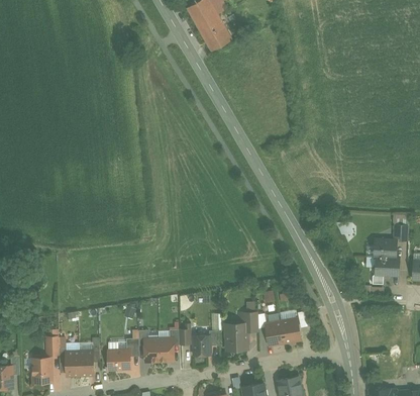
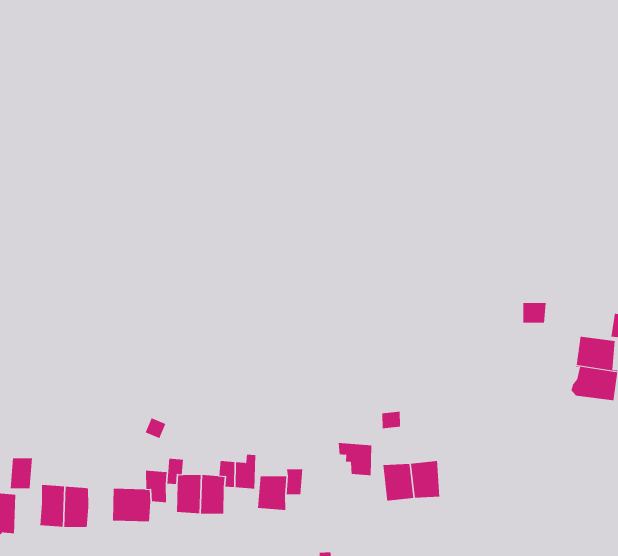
building: [224,323,247,349] -> none

